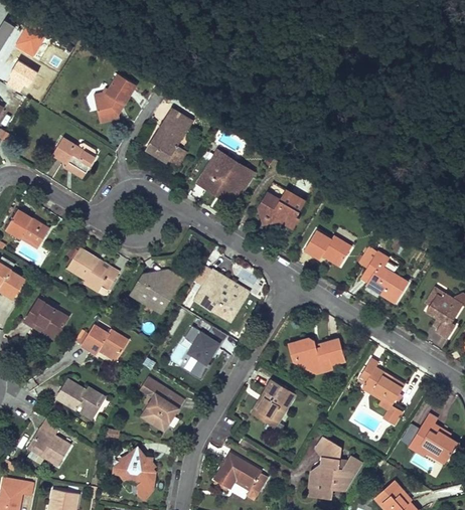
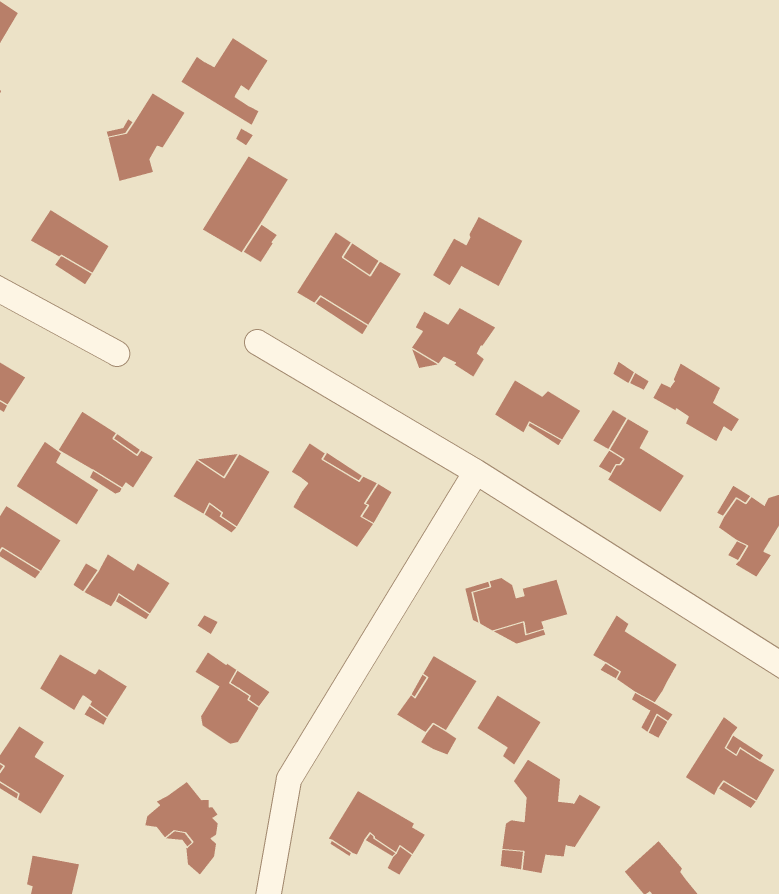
building: none -> [180,37,268,126]
building: none -> [432,216,523,287]
building: none -> [652,362,740,442]
building: none -> [16,441,99,525]
building: [184,325,227,378] -> none
building: none -> [477,694,541,765]

